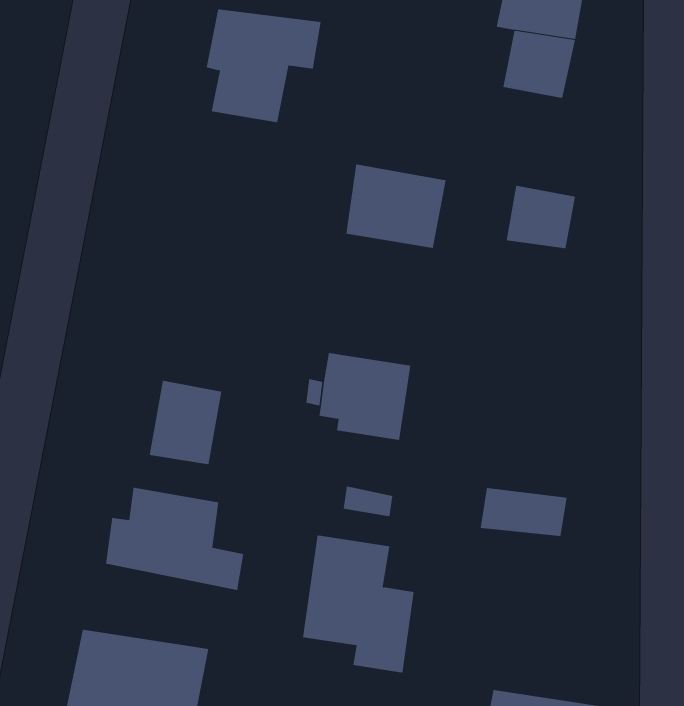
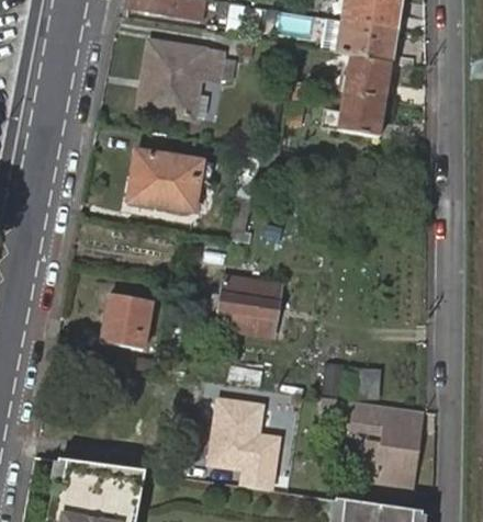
building: [346,164,447,249] -> [127,152,195,209]
building: [506,185,576,249] -> [336,94,383,137]
building: [106,487,244,591] -> none
building: none -> [340,399,420,492]

